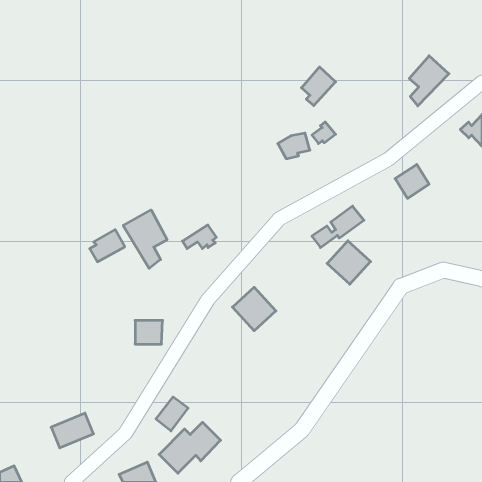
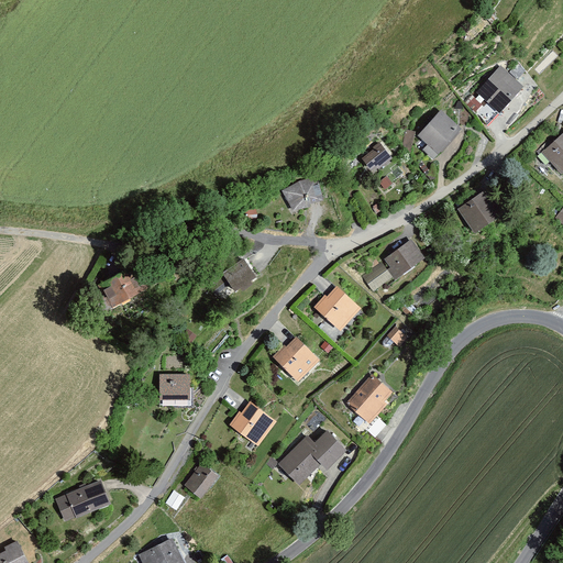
building: [301,67,336,106] -> [418,111,457,156]
building: [278,133,310,159] -> [284,178,321,208]
building: [123,210,167,268] -> none
building: [327,241,371,284] -> [312,286,363,336]
building: none -> [347,375,390,420]
building: none -> [230,400,274,444]
building: [159,422,221,473] -> [275,427,346,486]

